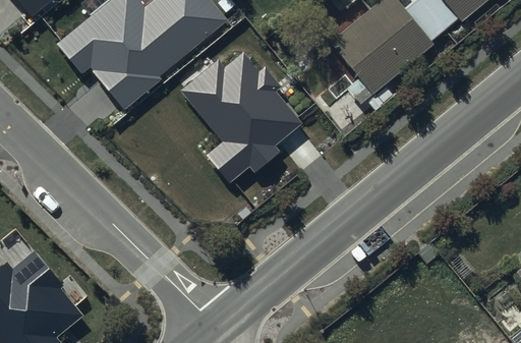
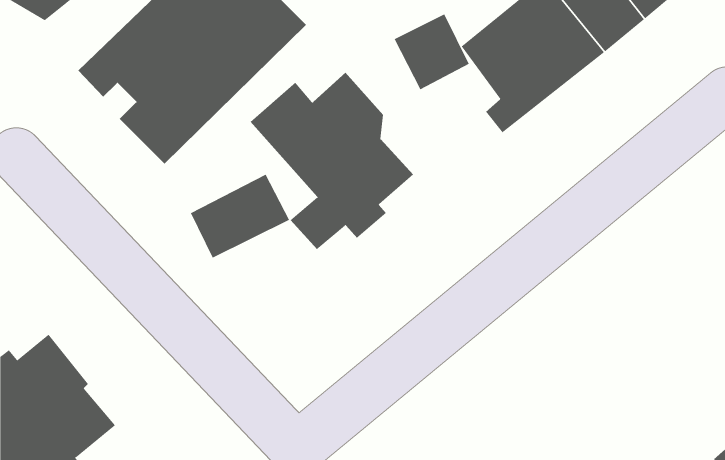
building: none -> [394,13,470,90]
building: none -> [190,174,290,259]

